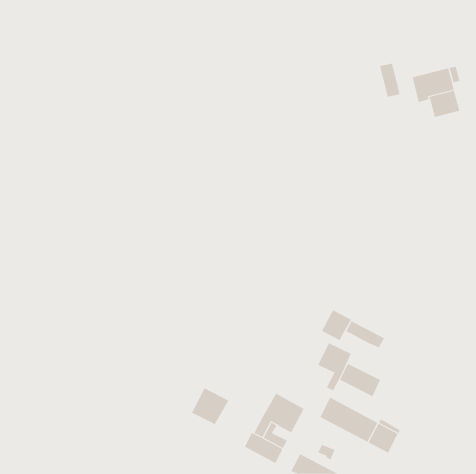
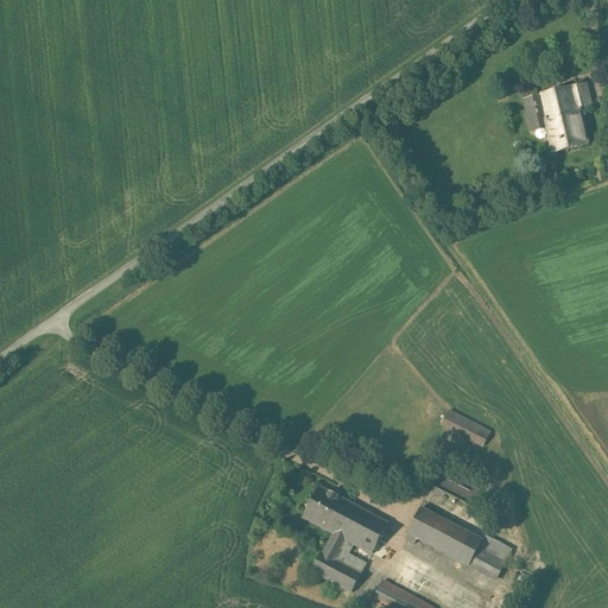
building: [380,63,400,98] -> none
building: [321,309,352,341] -> none
building: [318,343,352,391] -> none
building: [191,388,229,425] -> [303,484,352,532]

